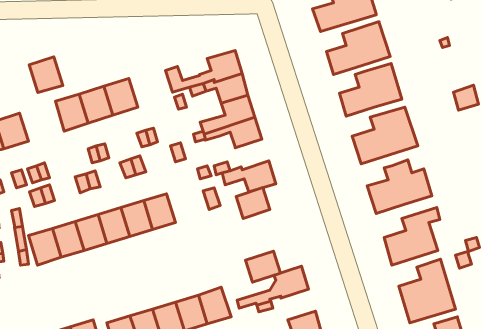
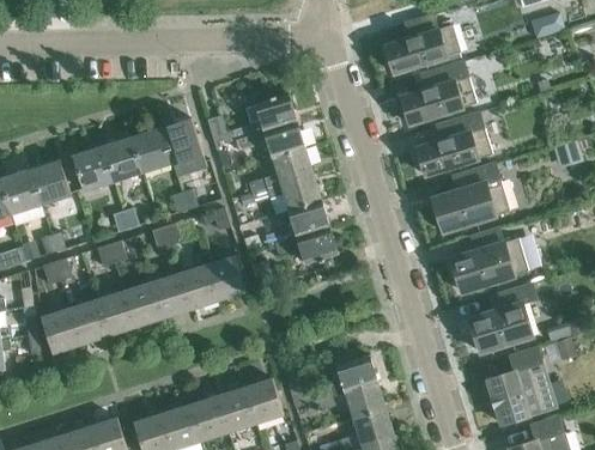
building: [29,57,63,93] -> [30,160,71,203]
building: none -> [162,118,202,163]
building: none -> [207,257,247,302]
building: [236,188,270,218] -> [290,201,330,238]
building: [246,251,280,282] -> [345,382,387,419]

